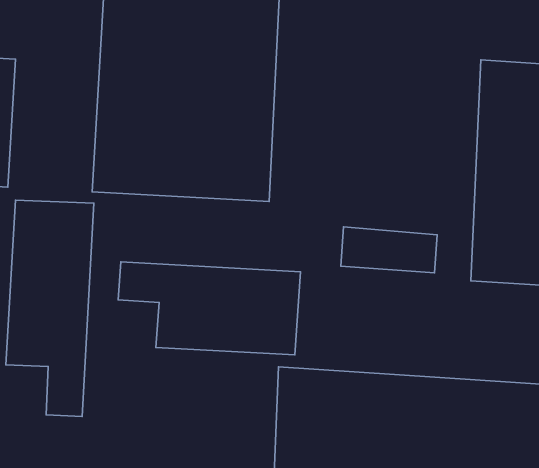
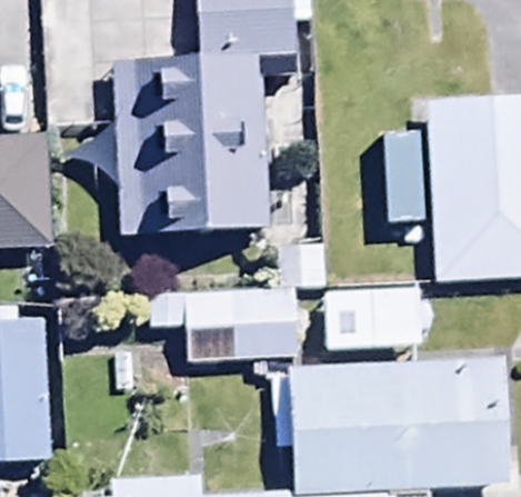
building: [6,200,94,416] -> none

